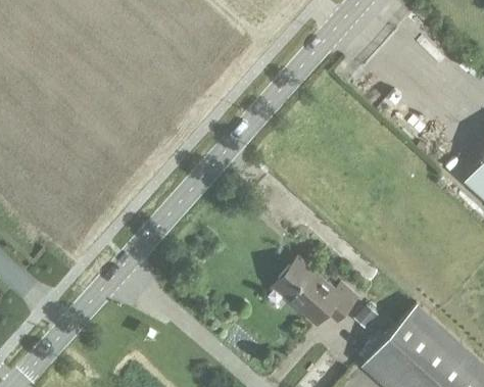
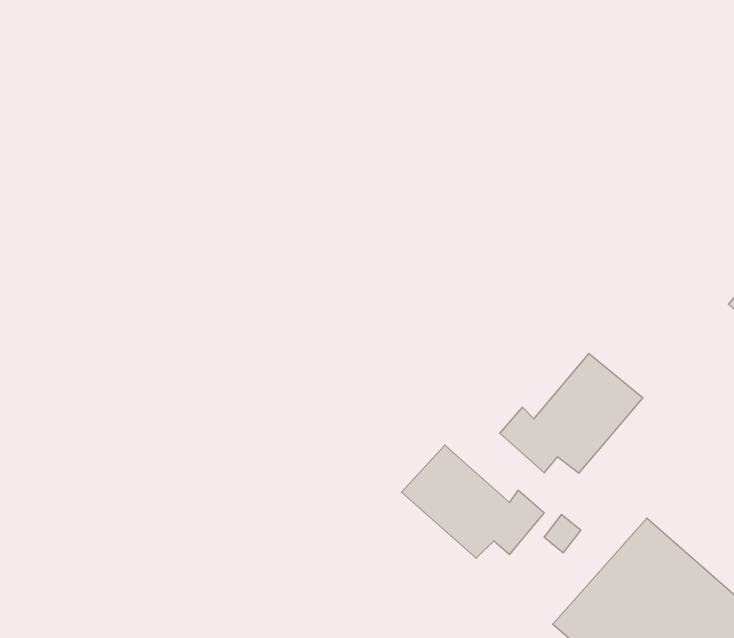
building: none -> [500,354,643,473]

